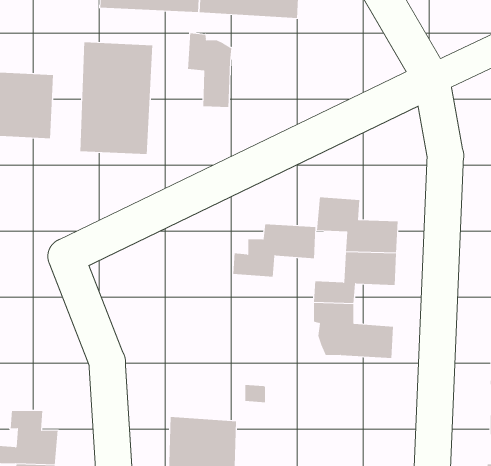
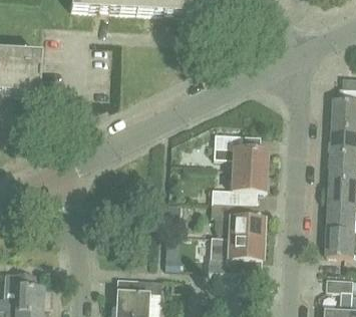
building: [188,33,232,108] -> none
building: [80,41,153,155] -> none
building: [232,224,316,277] -> [208,239,263,274]

